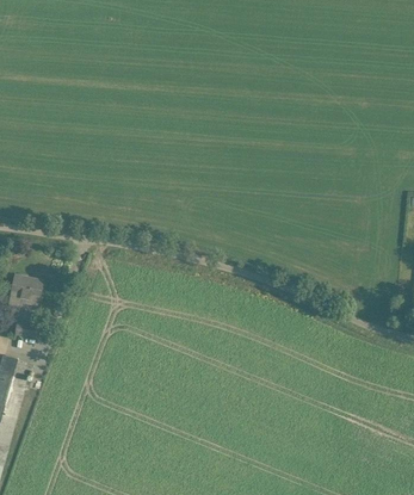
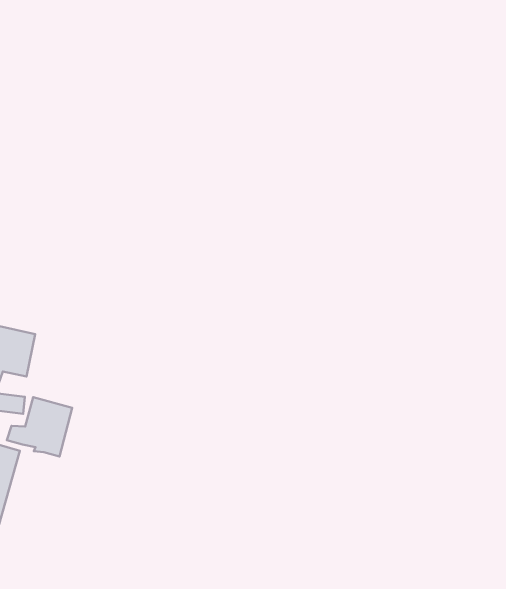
building: none -> [7,397,72,456]

